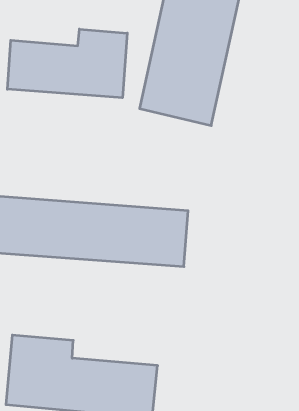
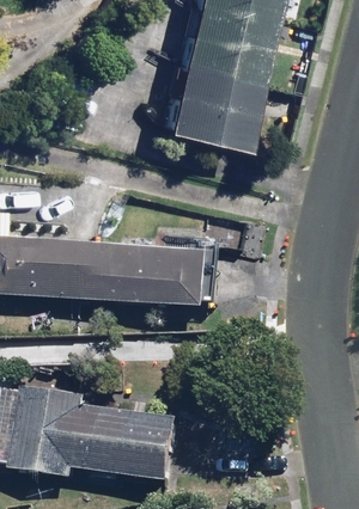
building: [7,29,127,98] -> none

